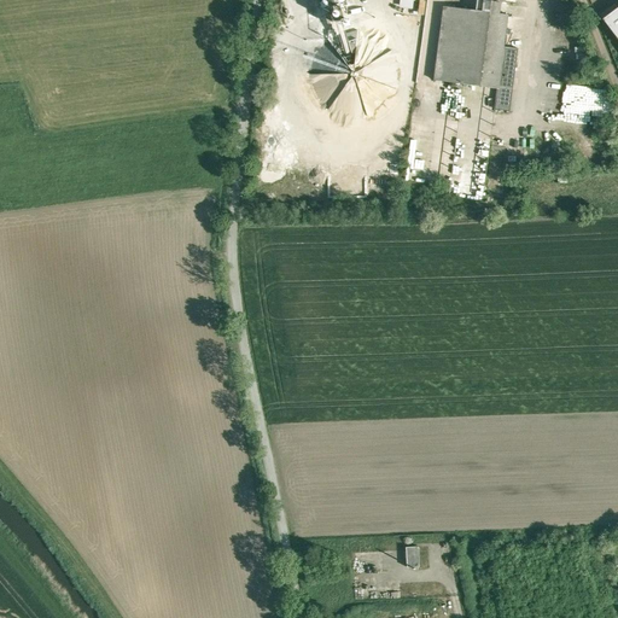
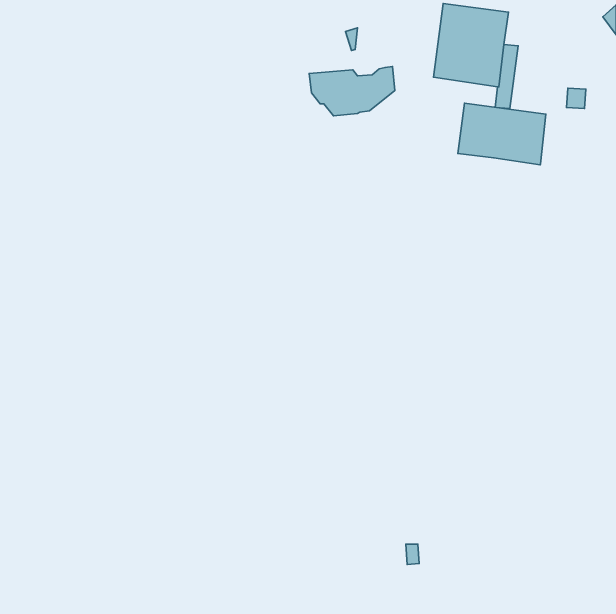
building: none -> [458,103,546,165]

